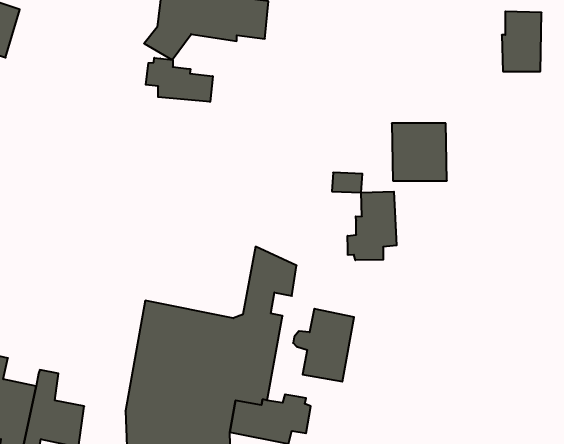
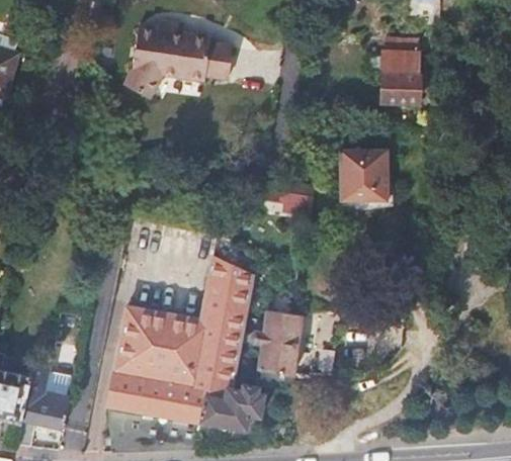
building: [502,11,542,71] -> [379,53,414,104]
building: [146,58,213,102] -> none
building: [348,192,397,260] -> none

